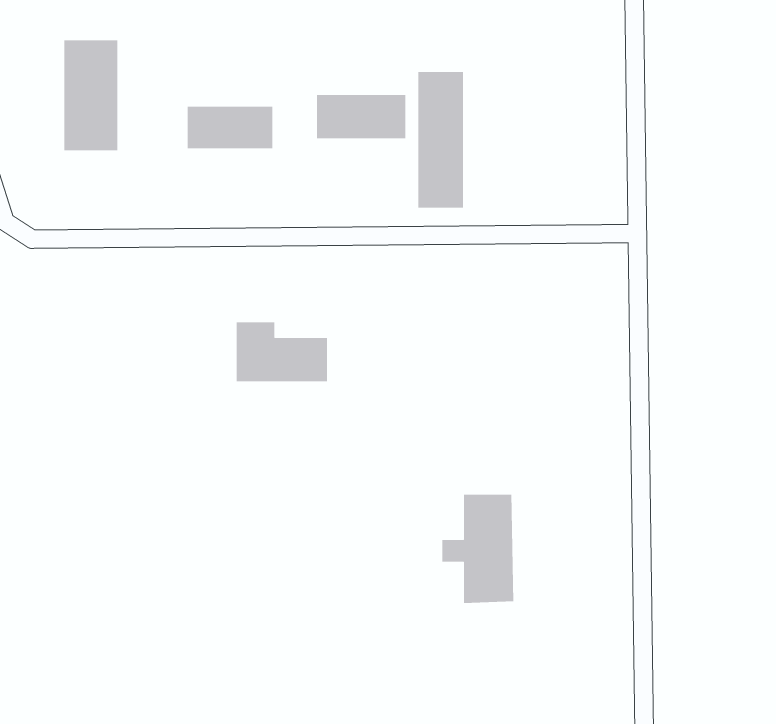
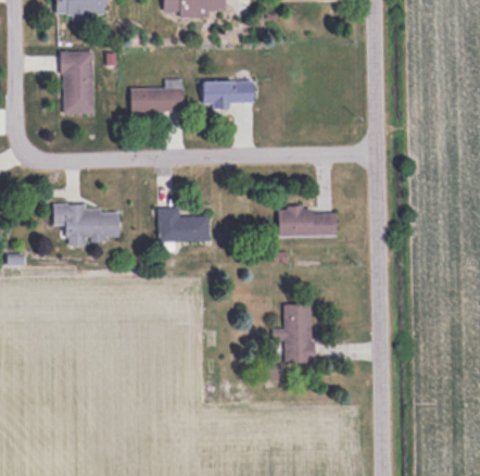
building: [418,71,464,209] -> none
building: none -> [52,202,121,243]
building: none -> [278,206,336,236]

